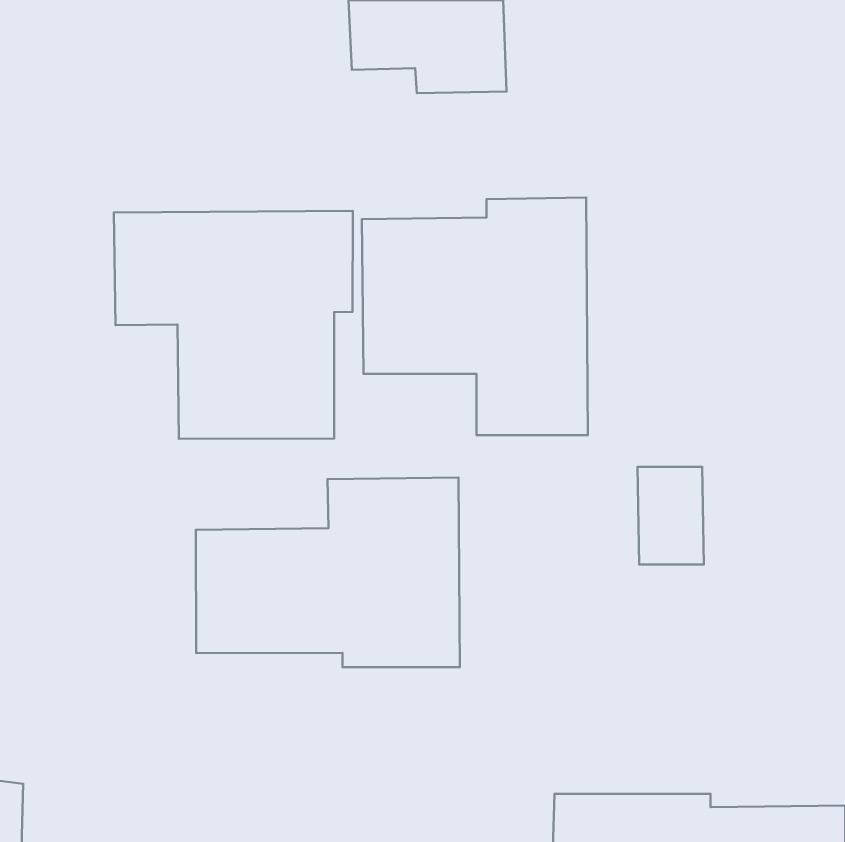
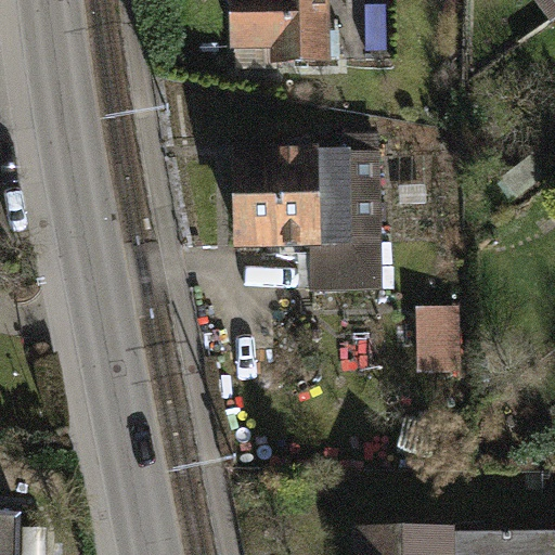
building: [114,211,353,439] -> none
building: [196,478,460,667] -> none

